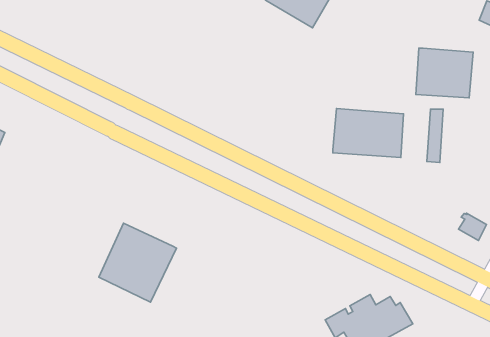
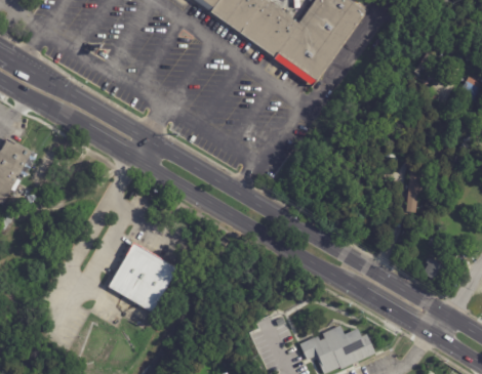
building: [416,48,473,98] -> none
building: [333,109,404,157] -> none

